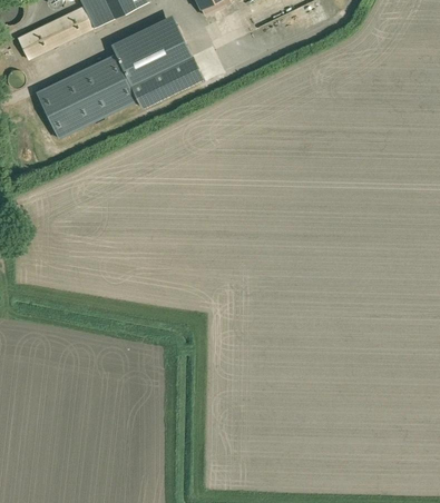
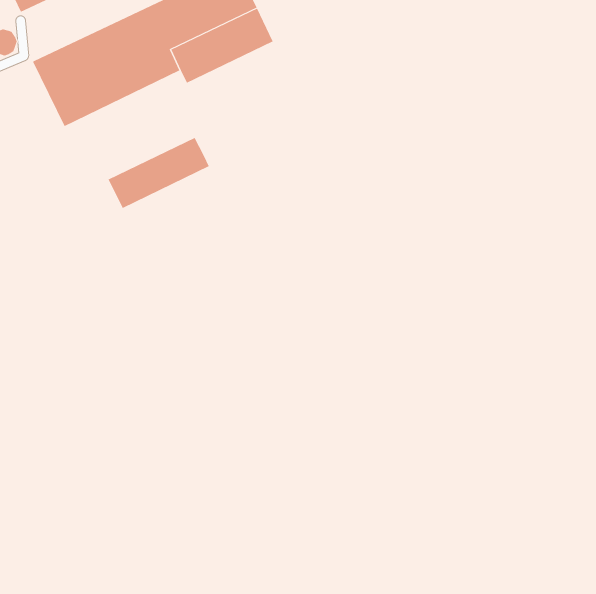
building: none -> [108,137,210,209]

